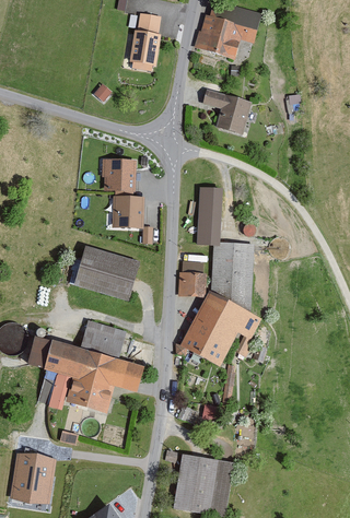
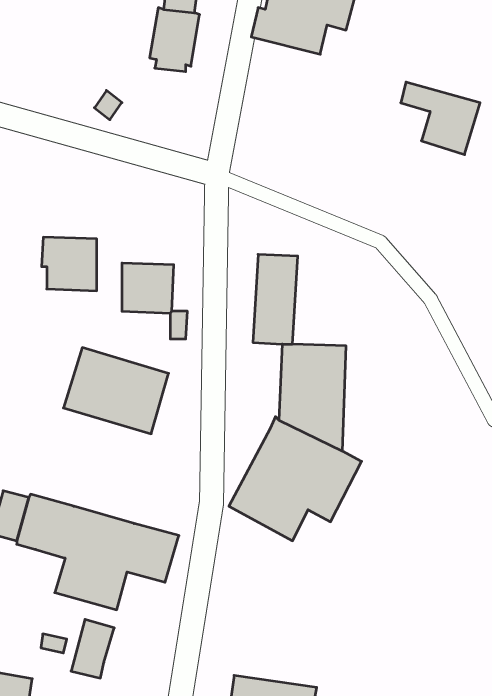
building: [201,90,252,136] -> [401,82,480,155]
building: [100,154,135,188] -> [42,237,97,291]
building: [177,272,206,297] -> none
building: [80,319,126,357] -> none
building: [47,374,74,411] -> [71,619,114,678]

